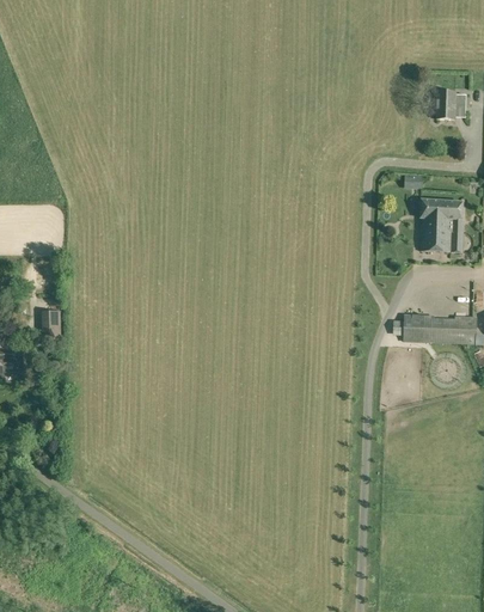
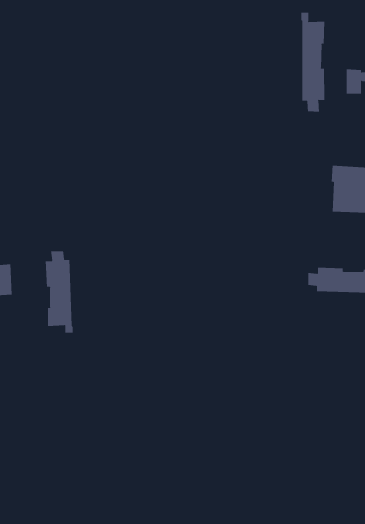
building: none -> [301,12,325,112]
building: none -> [45,251,73,333]

